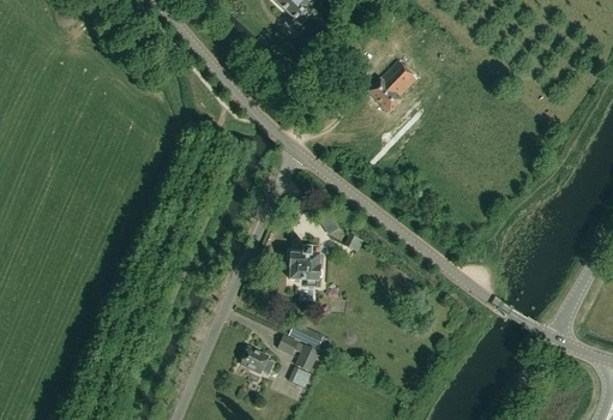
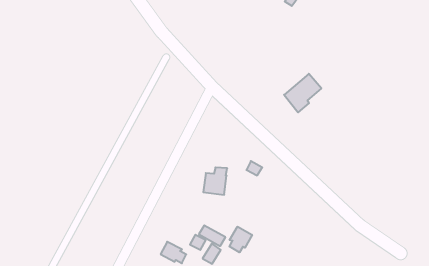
building: [367,61,415,113] -> [284,74,321,112]
building: none -> [229,227,252,252]

